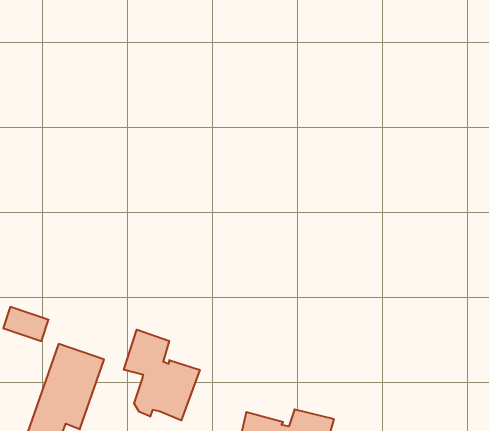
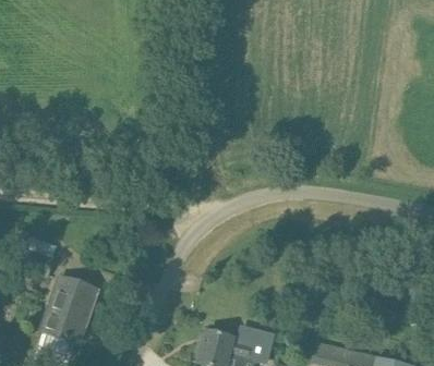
building: [124,330,200,420] -> none

